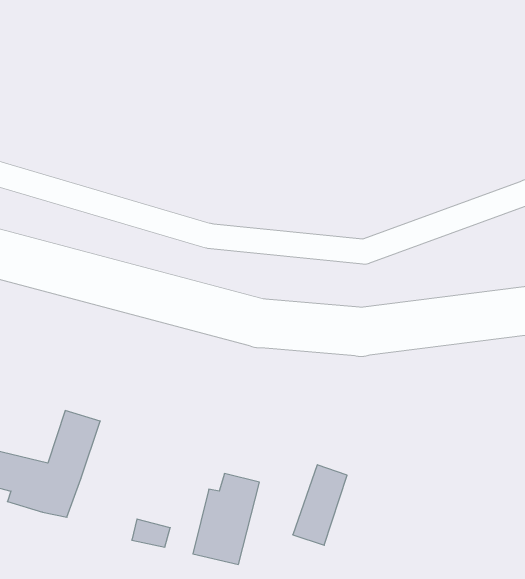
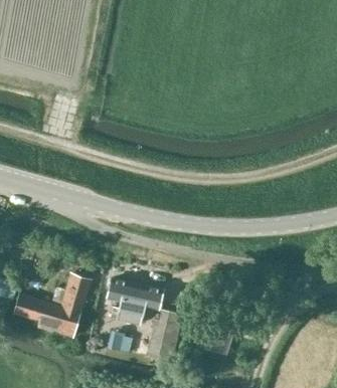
building: none -> [106,282,162,325]

